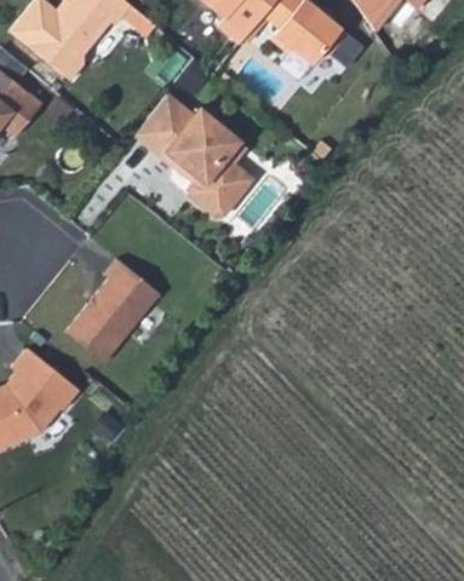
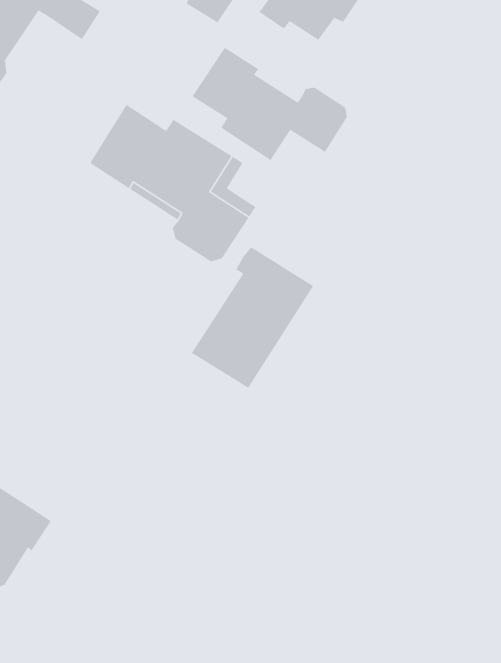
building: none -> [192,47,348,161]
building: [65,259,160,362] -> [191,246,314,389]

